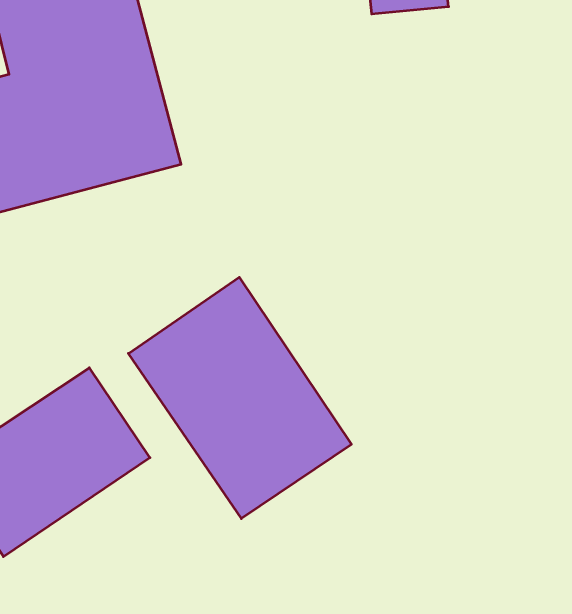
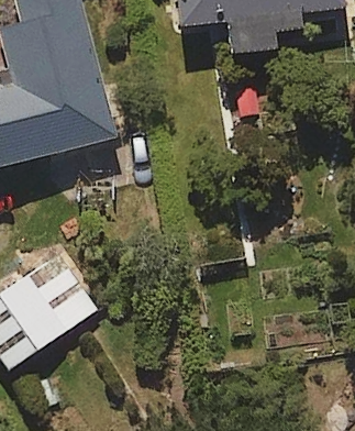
building: [128,277,351,519] -> none

